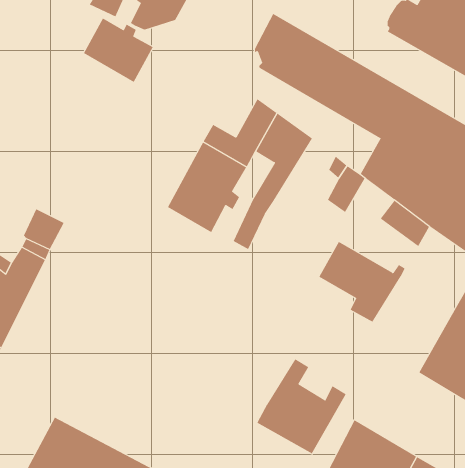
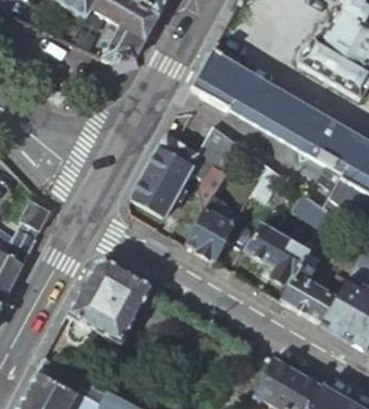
building: [83,17,153,83] -> none
building: none -> [185,194,234,262]
building: none -> [67,262,151,346]
building: [256,359,346,454] -> [280,251,348,324]

